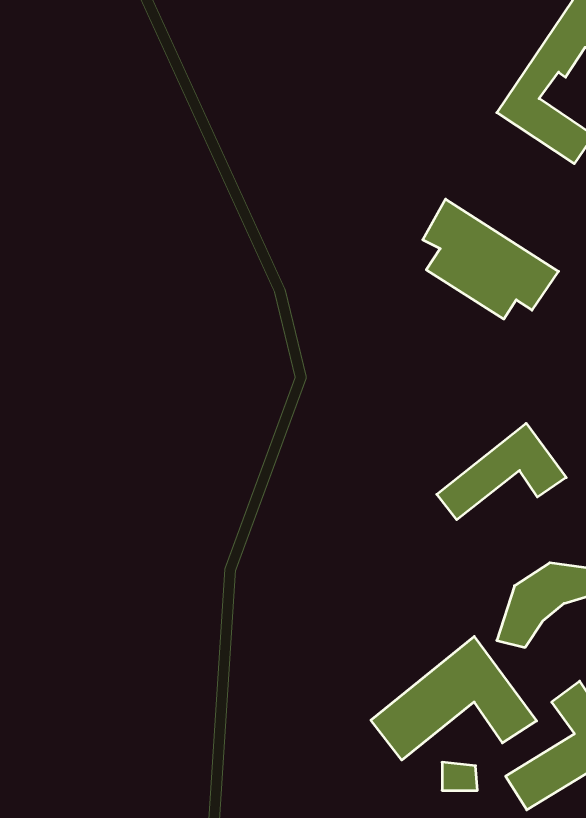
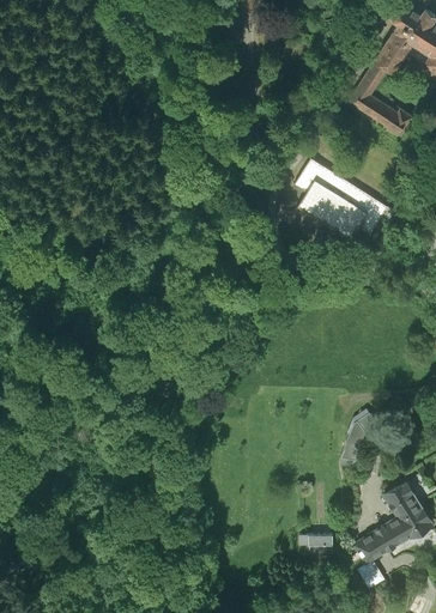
building: [437,423,566,520] -> none
building: [371,636,537,760] -> none

